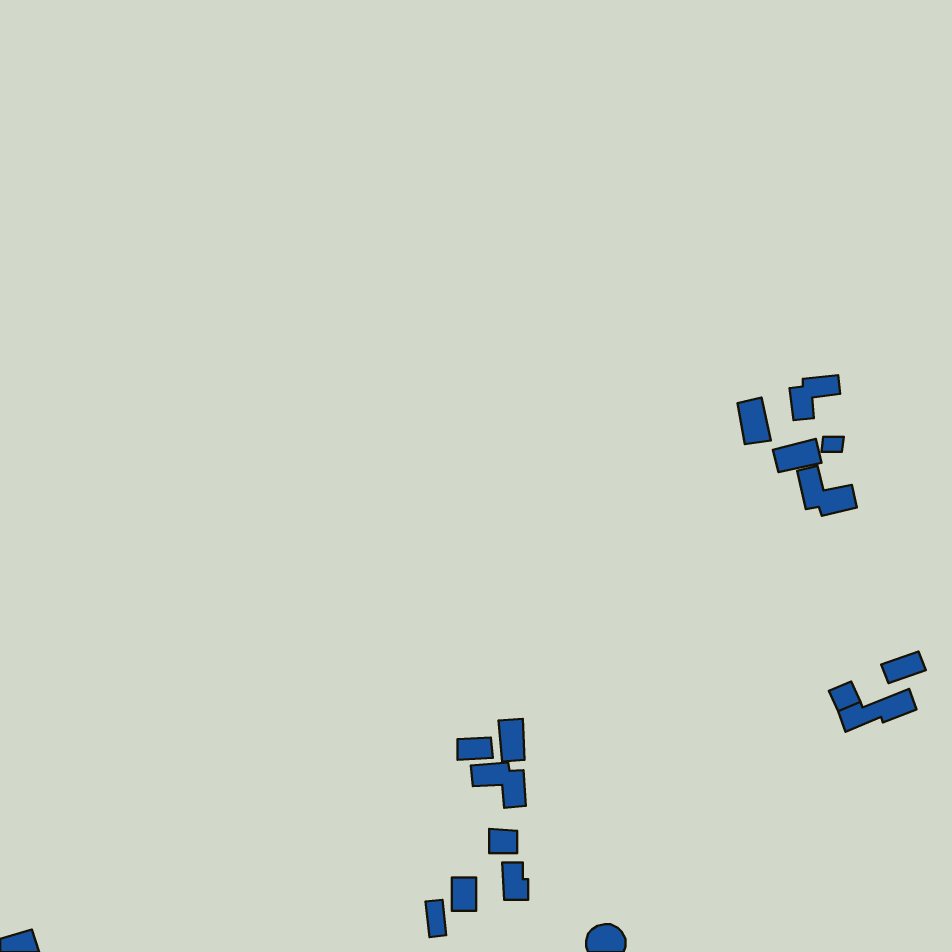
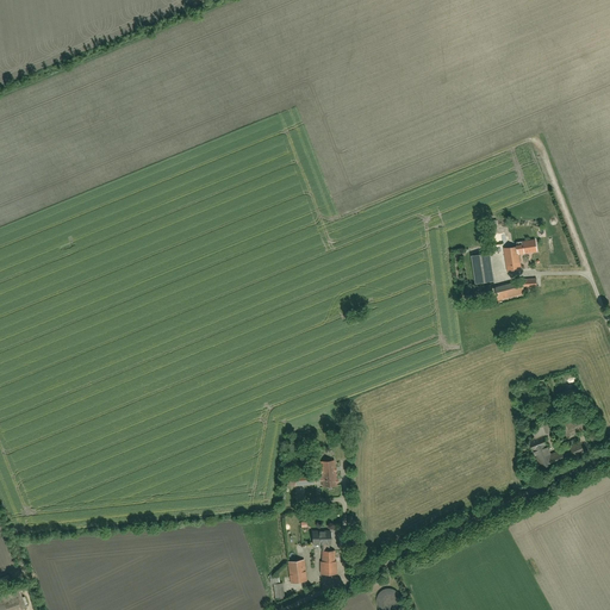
building: [797,466,857,516] -> none
building: [471,763,526,808] -> none

